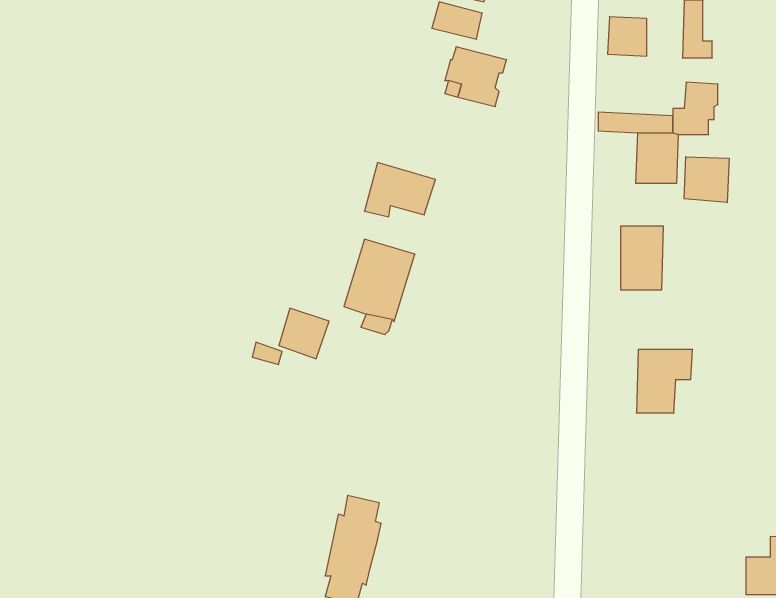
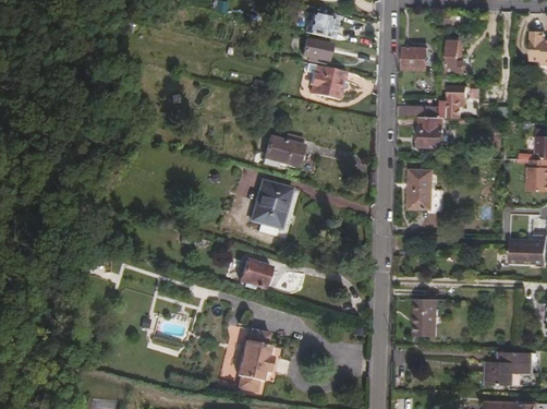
building: [684,157,729,203] -> none
building: [279,308,329,359] -> [239,258,268,288]
building: [636,349,693,413] -> [412,299,445,336]

